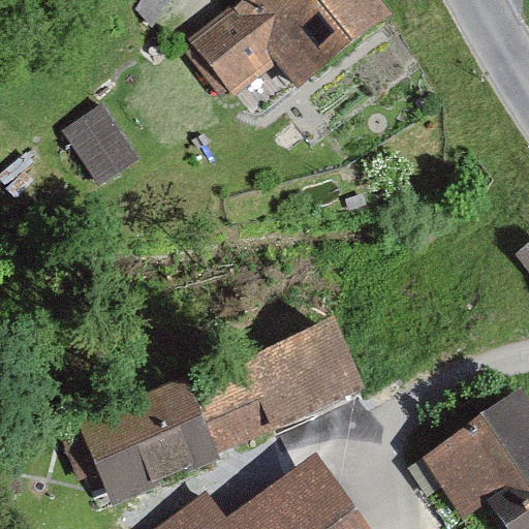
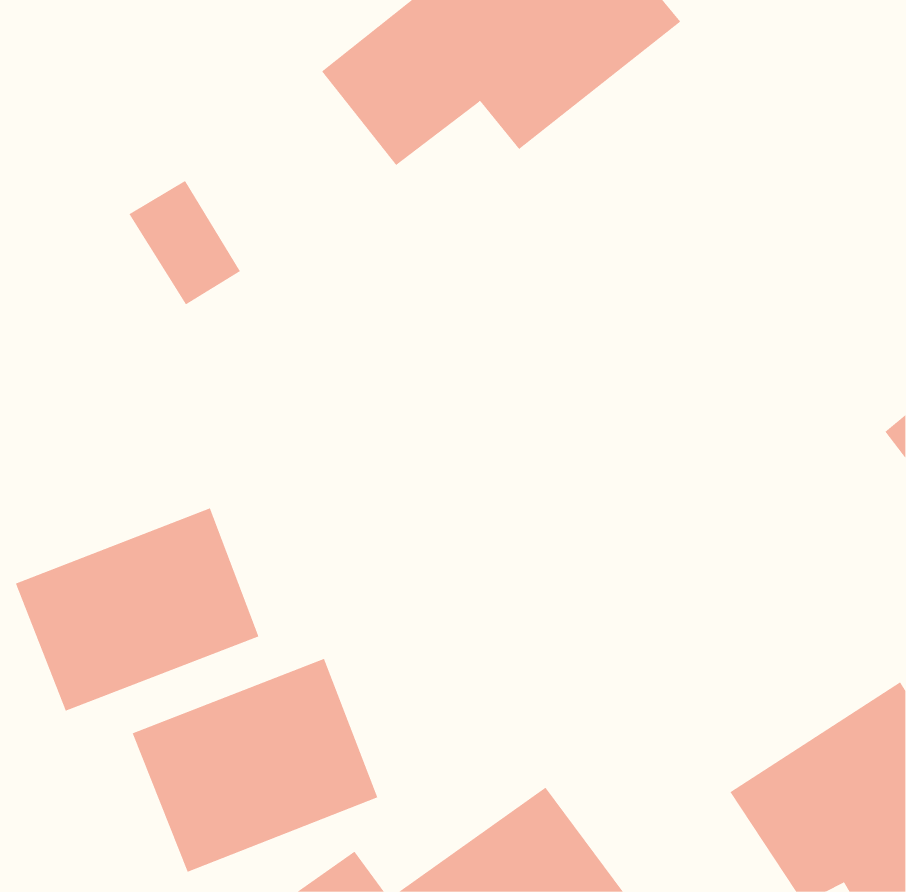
building: none -> [15,507,259,711]
building: [195,325,360,448] -> none

